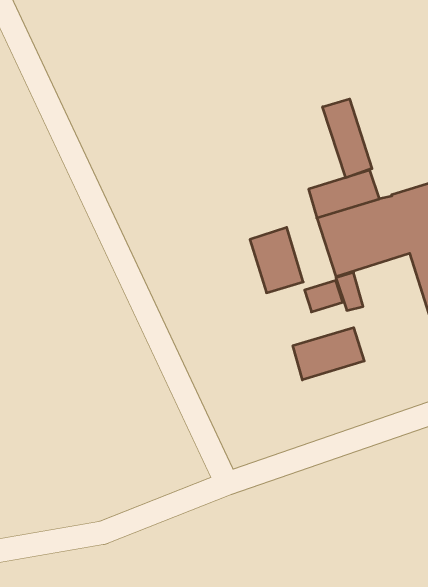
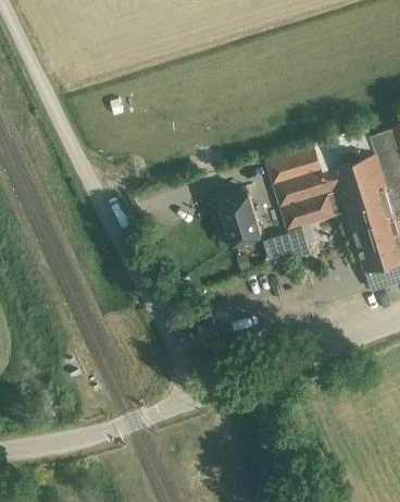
building: [323,99,372,178] -> none
building: [293,328,364,380] -> none

